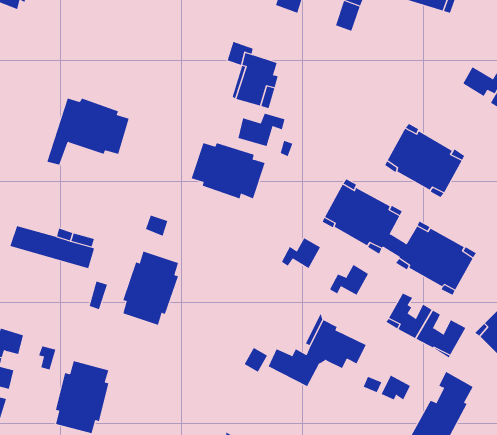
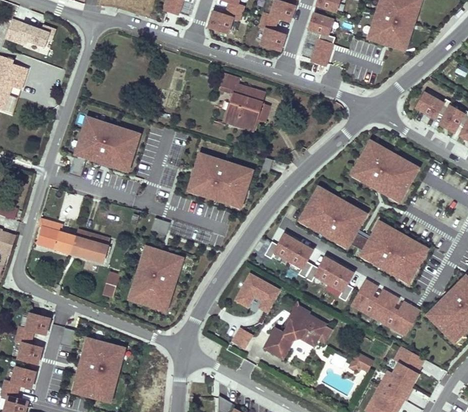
building: [238,113,285,147] -> none
building: none -> [288,244,313,279]
building: none -> [328,266,353,302]
building: none -> [236,273,282,311]

